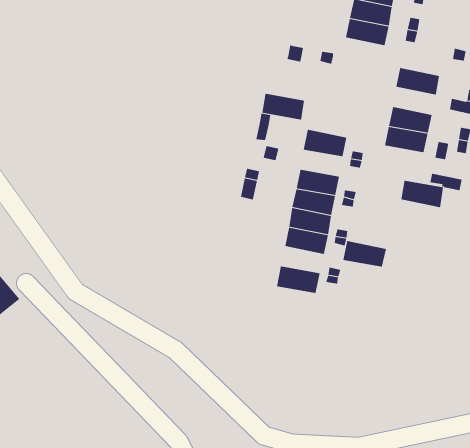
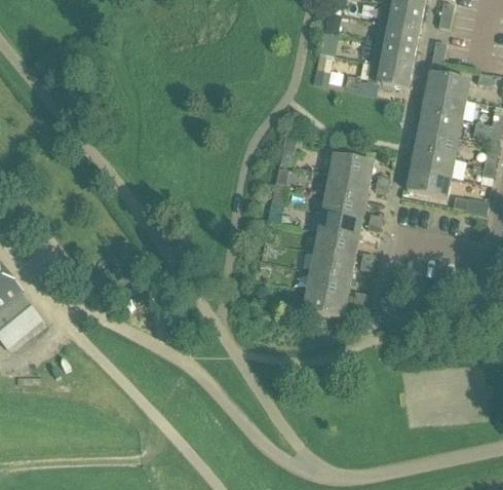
building: none -> [366,62,411,89]
building: none -> [425,71,469,100]
building: none -> [418,111,462,139]
building: [262,93,305,120] -> [325,174,369,200]
building: [401,180,444,208] -> [407,169,450,197]
building: [342,241,387,267] -> [306,270,350,297]

